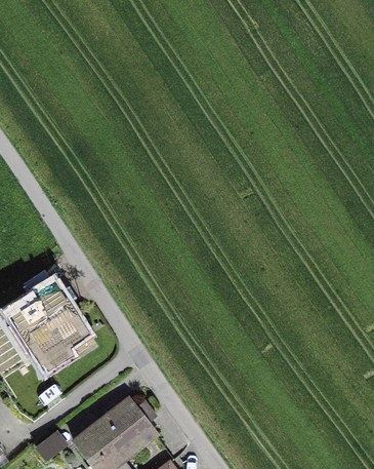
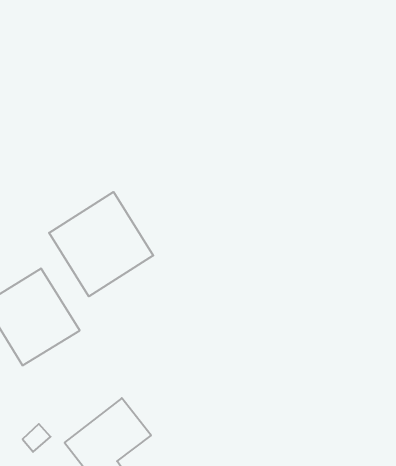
building: none -> [49,192,153,296]

